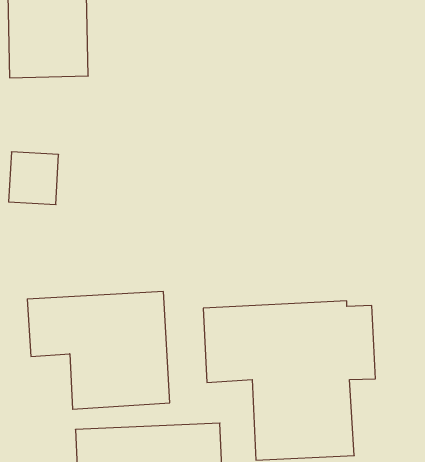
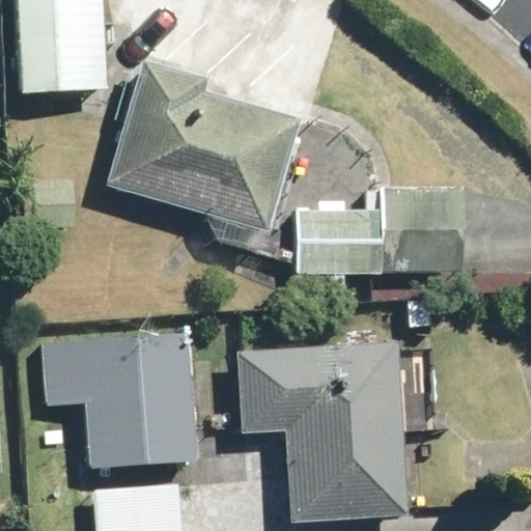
building: none -> [113,63,296,223]
building: none -> [294,185,462,279]

